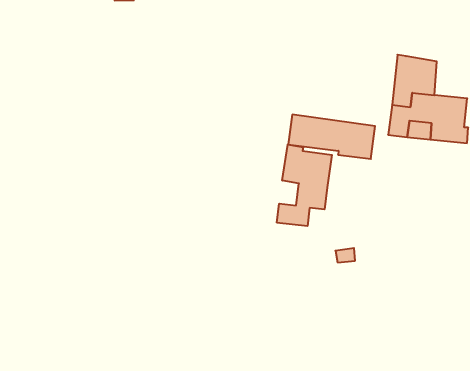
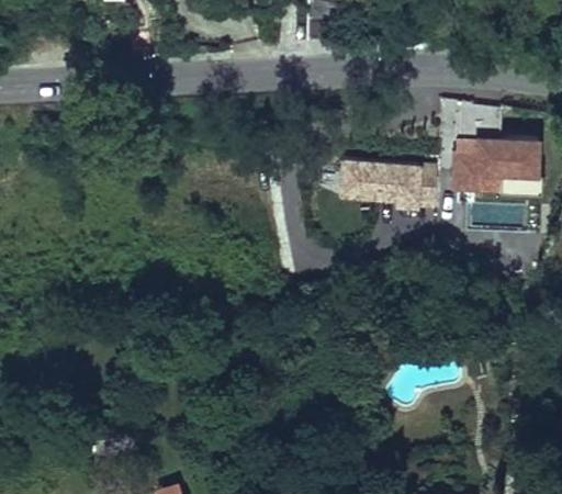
building: [277,144,332,226] -> none

